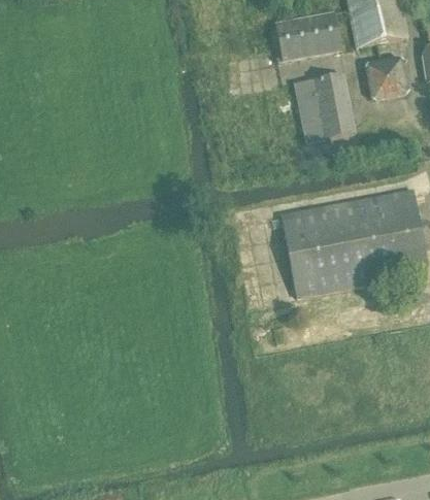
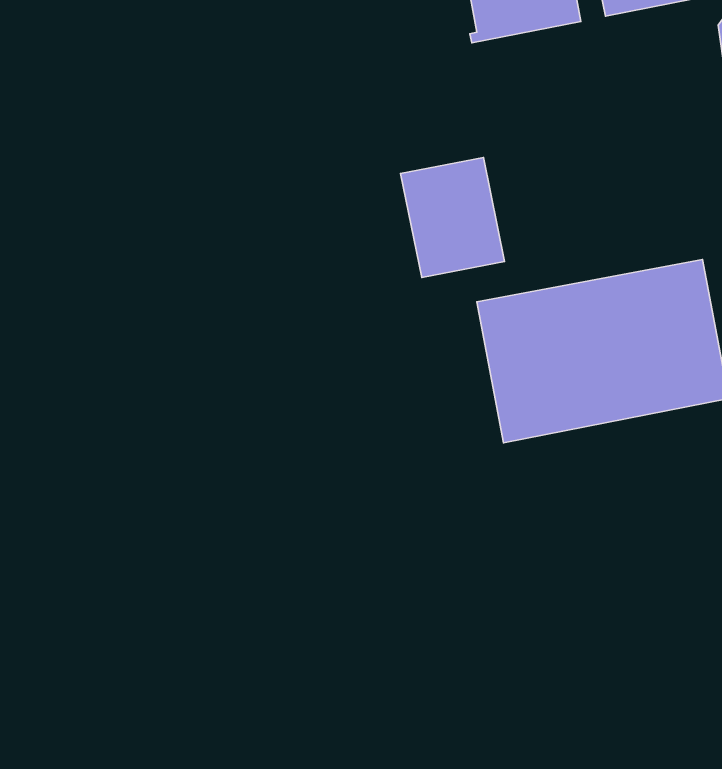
building: [365,55,409,99] -> none
building: [294,72,355,142] -> [401,158,504,277]

